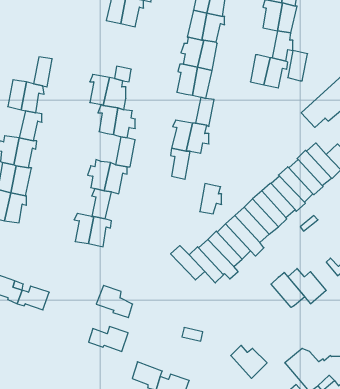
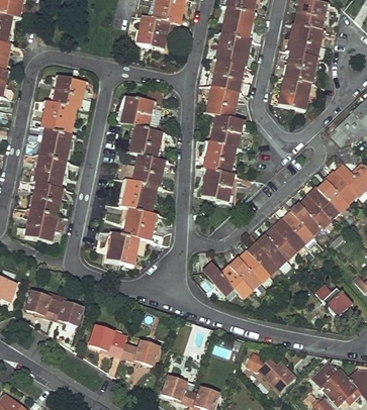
building: [288,51,308,81] -> [285,50,304,80]
building: none -> [51,76,72,105]
building: none -> [207,115,230,143]
building: none -> [38,127,59,158]
building: none -> [132,153,152,184]
building: [200,184,222,214] -> [214,171,236,200]
building: none -> [136,210,157,239]
building: [271,272,305,307] -> none
building: [96,285,133,318] -> [89,325,124,356]

